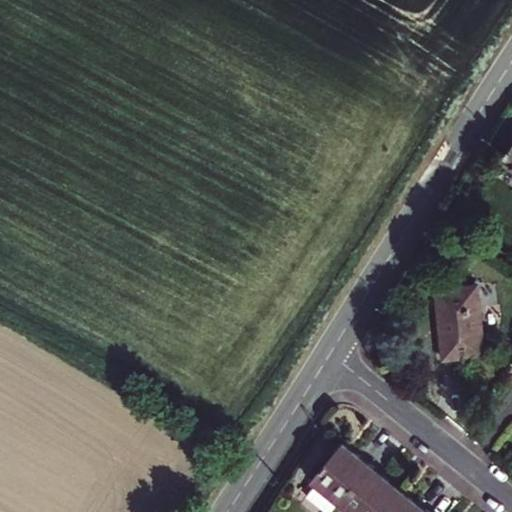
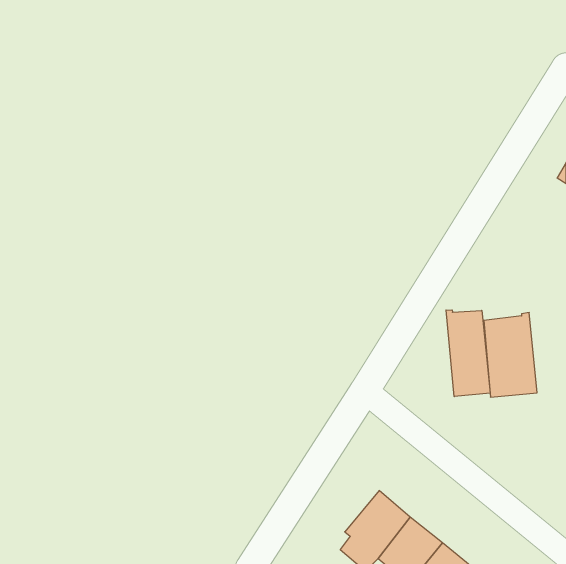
building: none -> [446,310,490,397]

